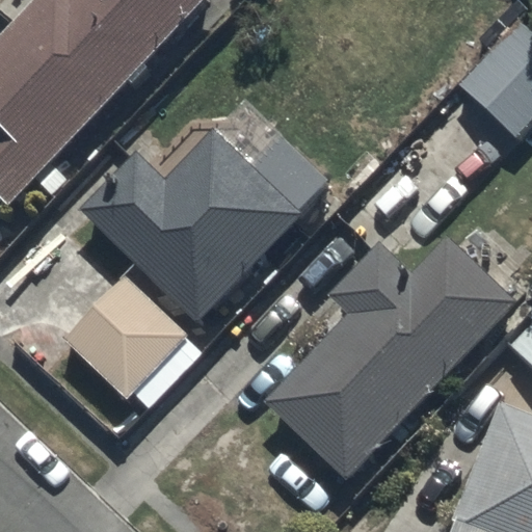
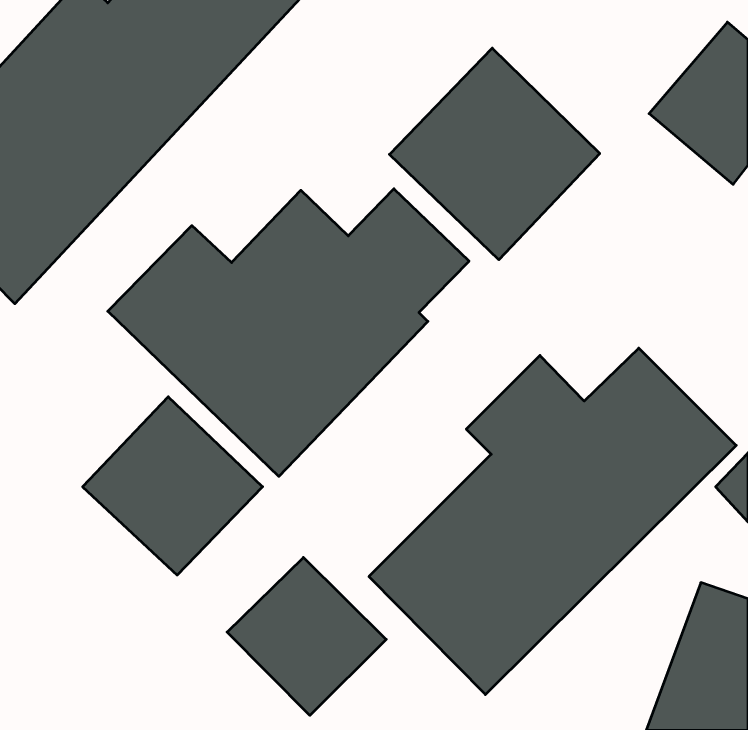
building: none -> [389,48,600,260]
building: none -> [227,557,386,715]

